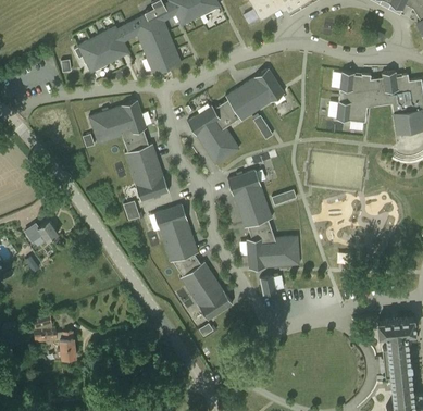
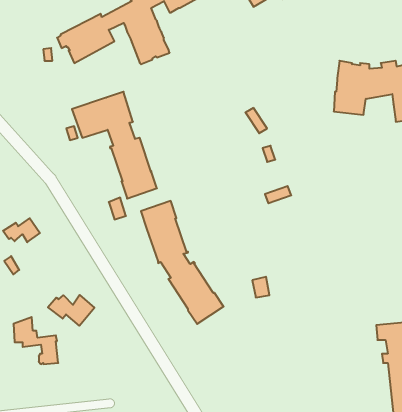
building: [187,67,284,164] -> none
building: [227,170,299,269] -> none
building: none -> [48,295,94,326]

